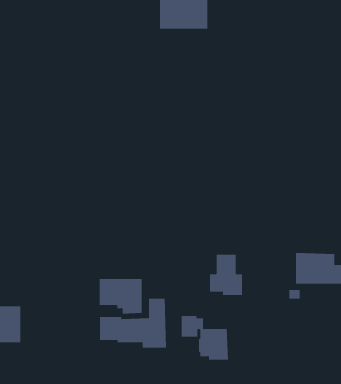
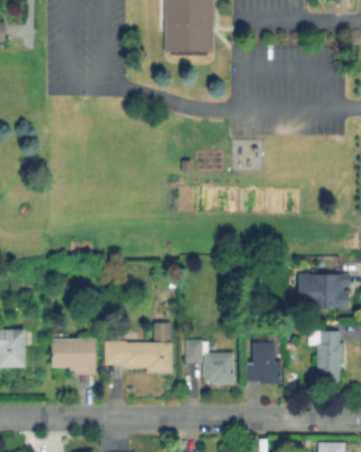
building: [209,254,243,295] -> [248,342,281,383]
building: [99,278,142,314] -> [52,338,96,374]
building: none -> [317,331,342,382]

